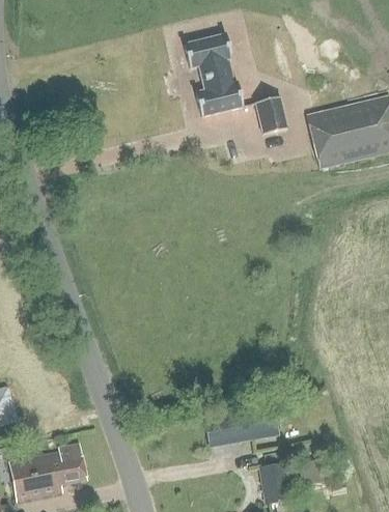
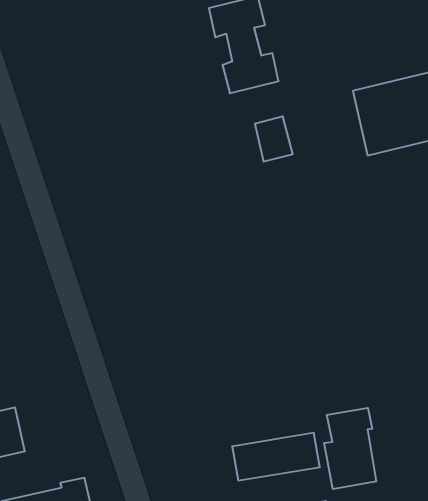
building: [255,95,287,134] -> [255,116,293,162]
building: none -> [324,408,376,489]

